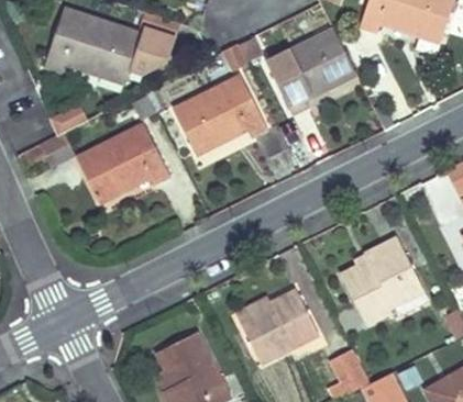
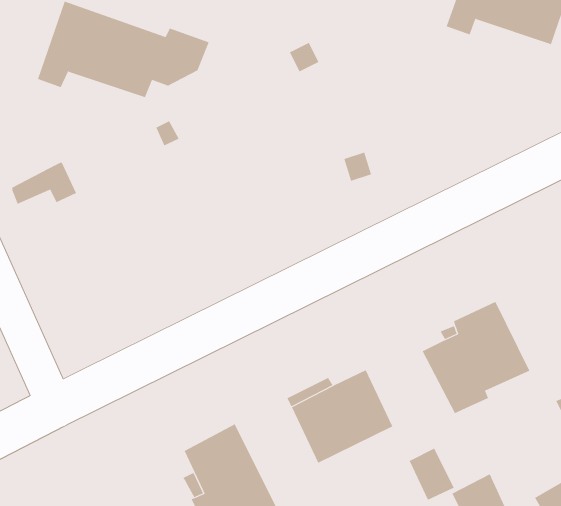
building: [266,29,355,115] -> none
building: [173,76,266,152] -> none
building: [77,124,170,201] -> none

